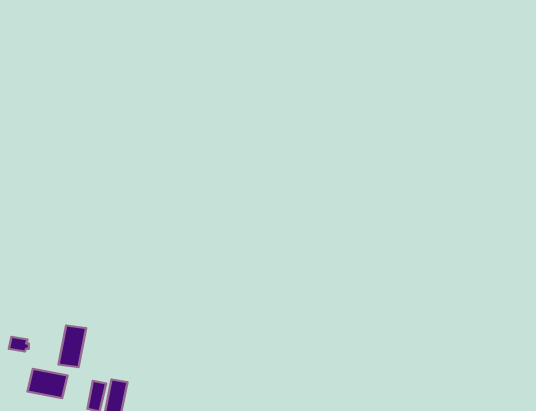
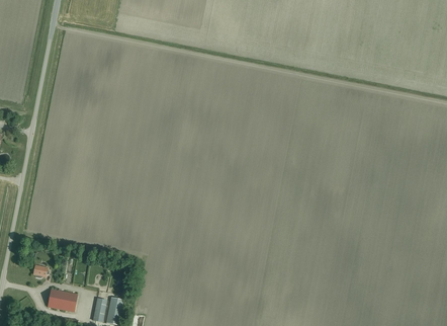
building: [59,325,86,367] -> none

